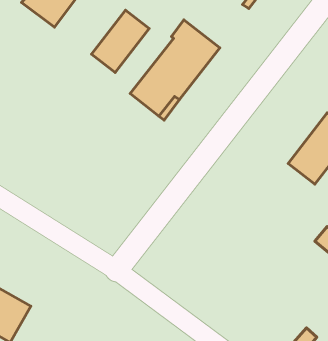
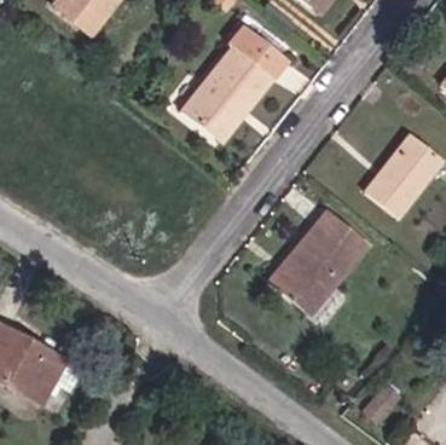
building: [92,10,149,73] -> none
building: none -> [271,209,369,313]

